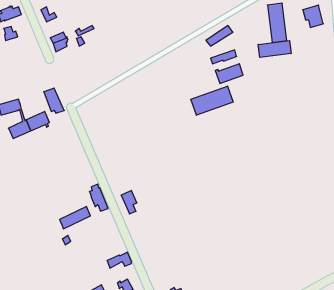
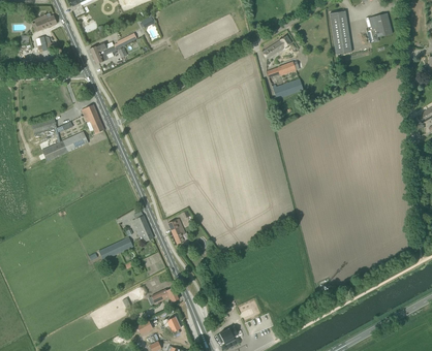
building: [258,41,291,57] -> none
building: [191,86,233,115] -> none

